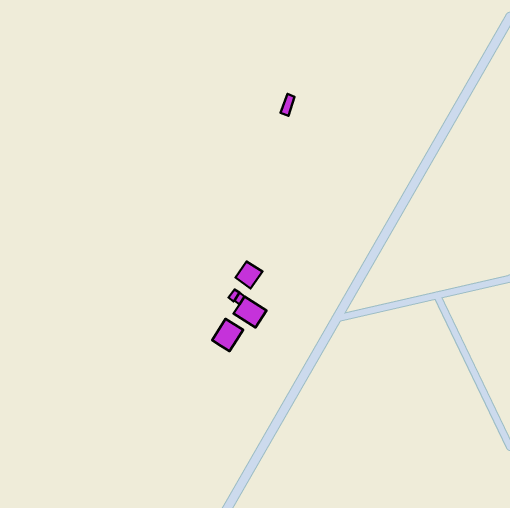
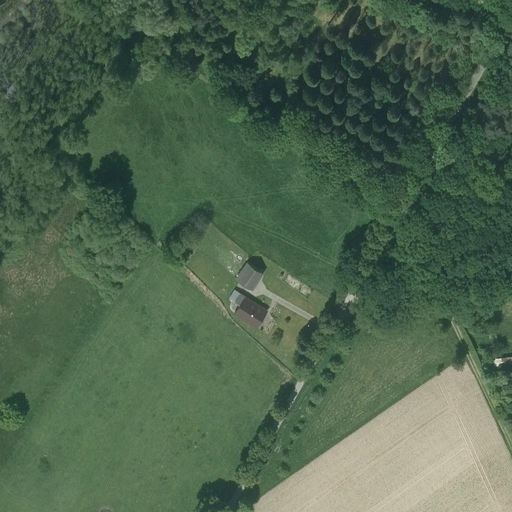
building: [212,319,243,351] -> none

